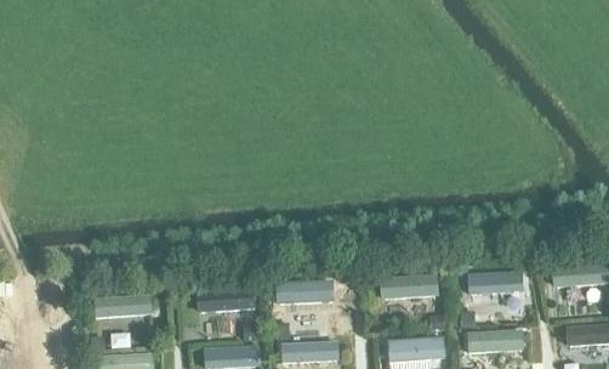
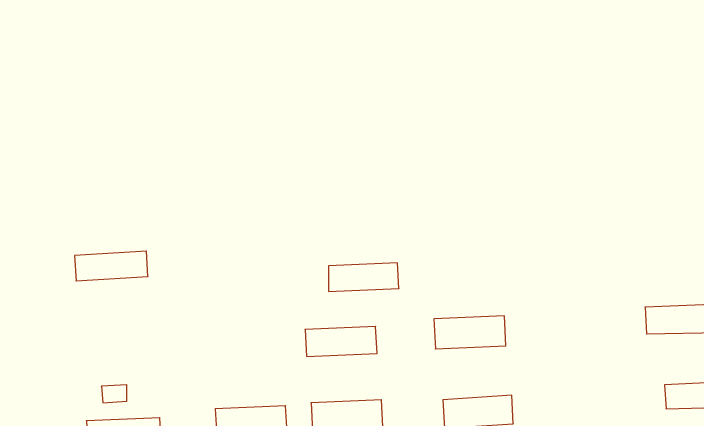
building: [468,268,524,294] -> none
building: [198,288,255,311] -> [329,263,399,291]
building: [92,294,152,318] -> [75,251,148,281]
building: [468,329,524,354] -> none

